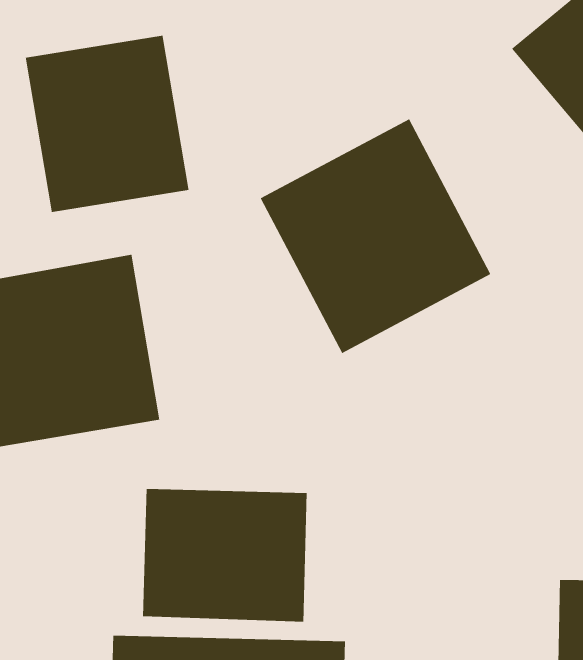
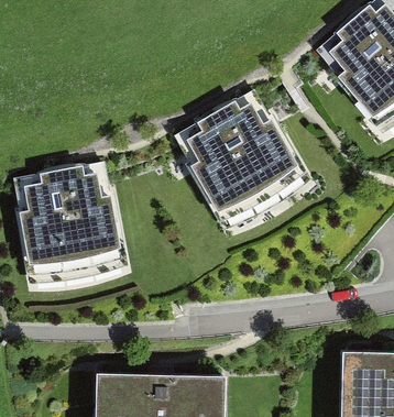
building: [25,35,189,213] -> none
building: [143,488,307,623] -> none

